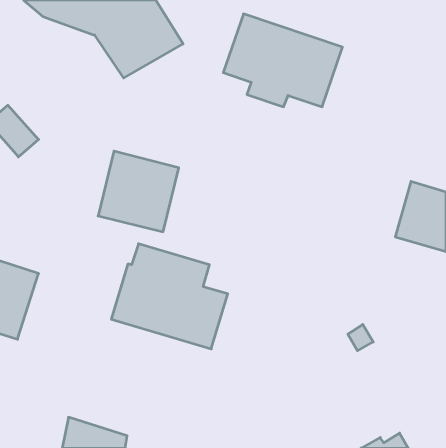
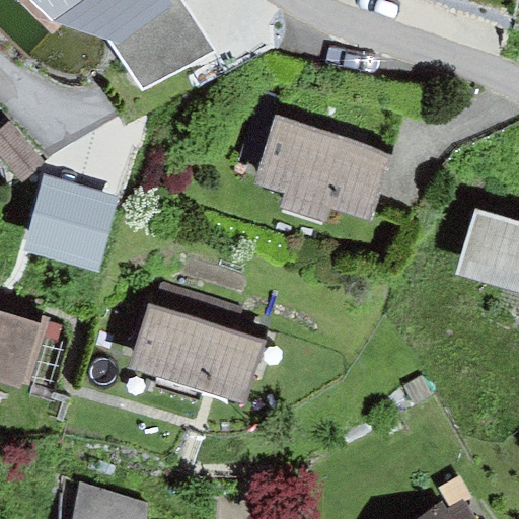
building: [223,14,342,107] -> [253,116,391,223]
building: [98,151,179,232] -> [24,179,118,273]

